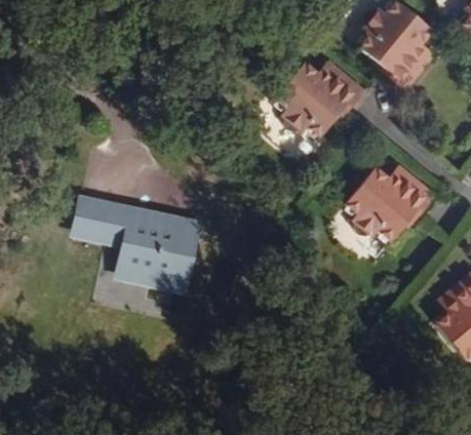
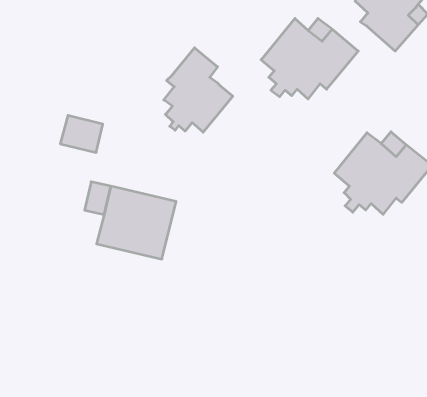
building: none -> [164,48,233,132]
building: [75,204,115,239] -> [60,115,103,152]

